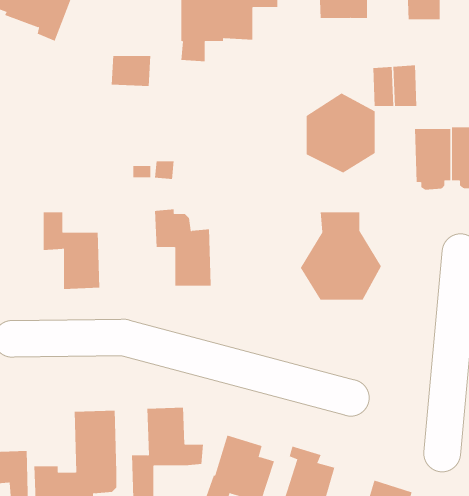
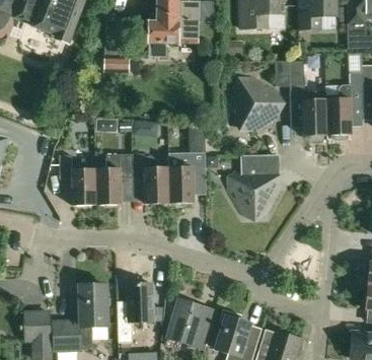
building: none -> [168,151,206,203]
building: none -> [95,153,133,204]

